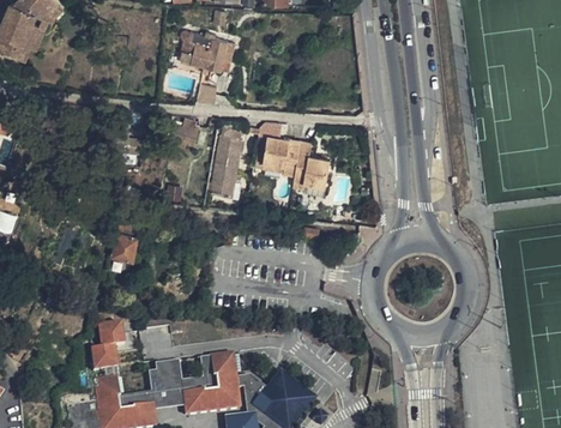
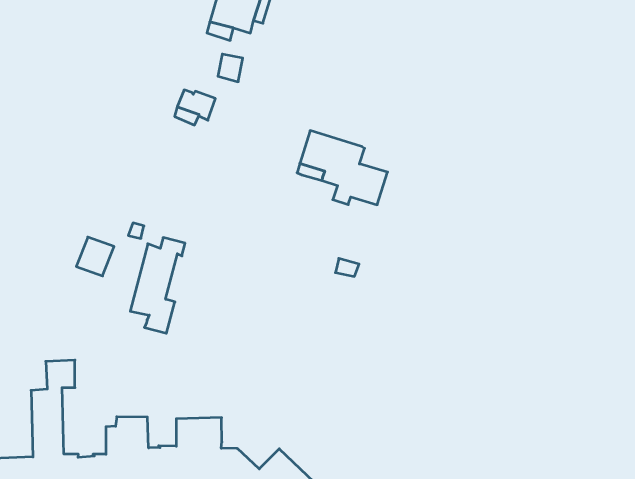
building: [215,129,249,200] -> [130,238,185,333]

